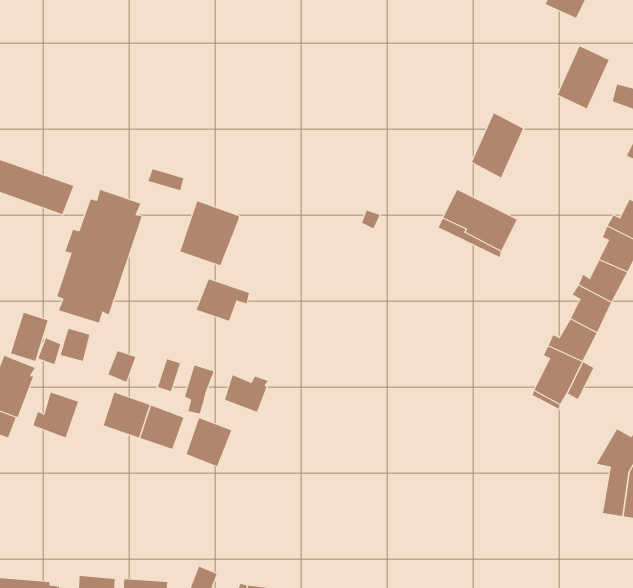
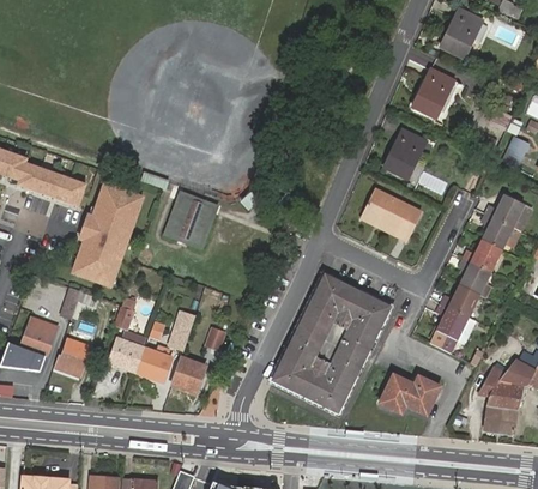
building: [557,45,609,109] -> [413,68,453,116]
building: [196,278,249,322] -> none
building: none -> [268,271,392,415]
building: none -> [379,373,440,413]

